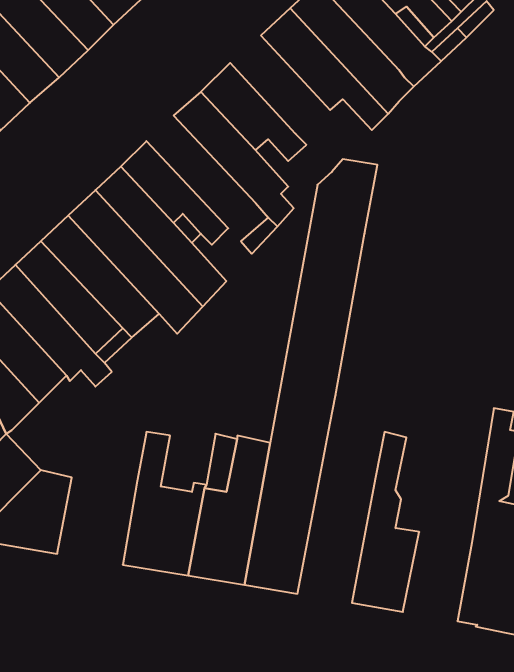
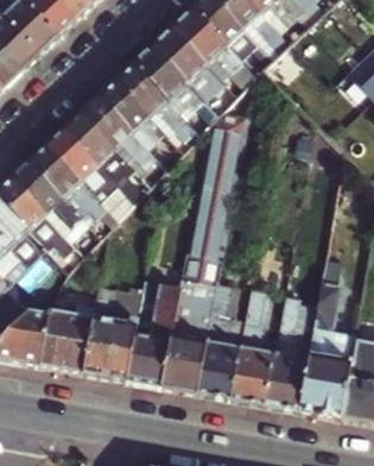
building: none -> [152,26,221,90]
building: none -> [97,78,169,152]
building: none -> [196,279,247,397]
building: none -> [265,291,310,409]
building: none -> [39,310,91,372]

